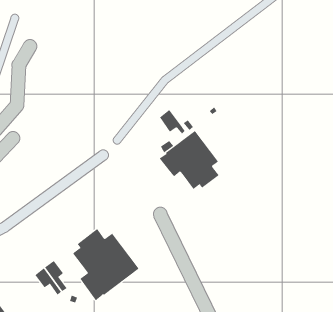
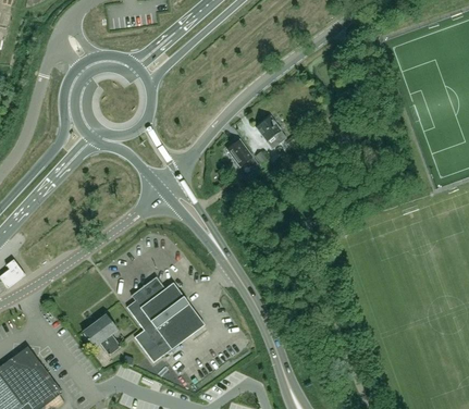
building: none -> [256,116,286,148]
building: [159,130,220,190] -> none

